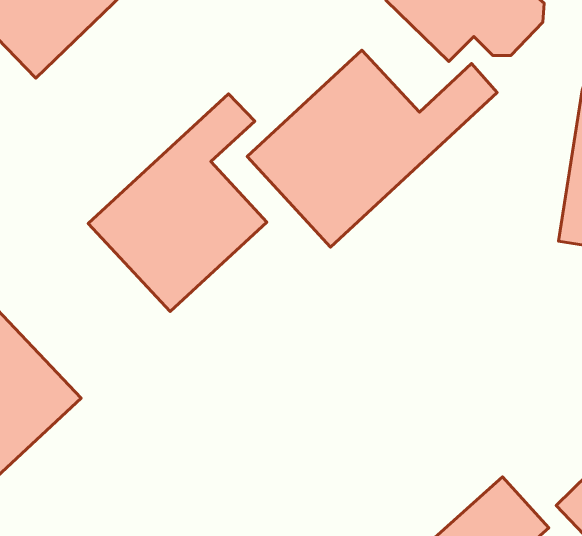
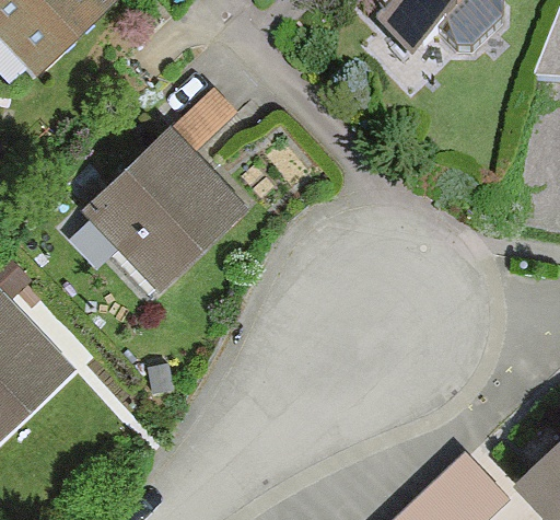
building: [247,50,497,247] -> none

